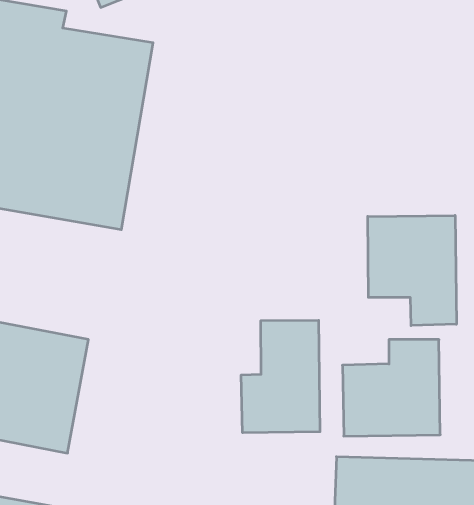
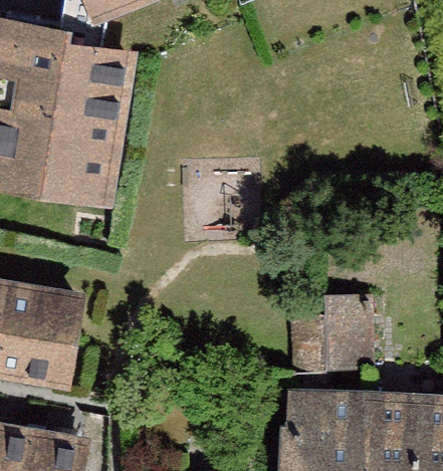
building: [368,215,456,326] -> none
building: [241,320,320,433] -> none

